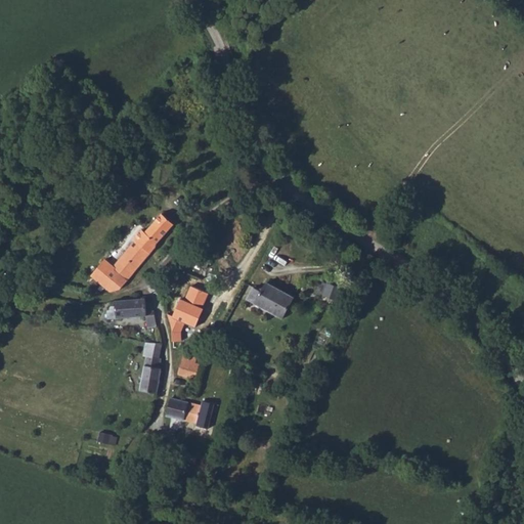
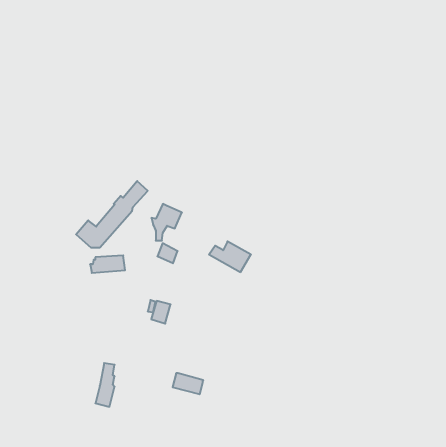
building: [167,298,203,341] -> [151,204,182,241]
building: [138,342,161,393] -> [95,363,115,407]
building: [164,397,200,422] -> [173,373,203,394]

